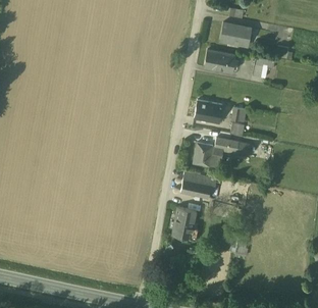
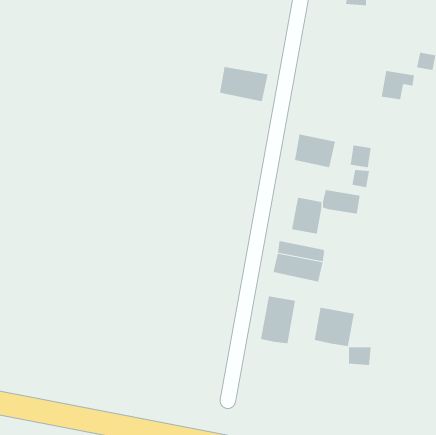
building: [221,21,252,45] -> none
building: [205,50,237,73] -> [219,66,269,102]
building: none -> [314,307,354,347]

